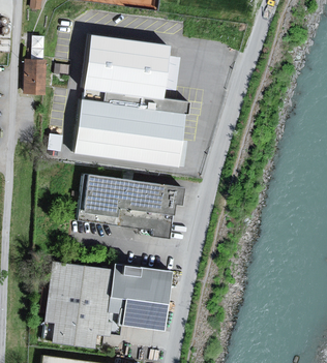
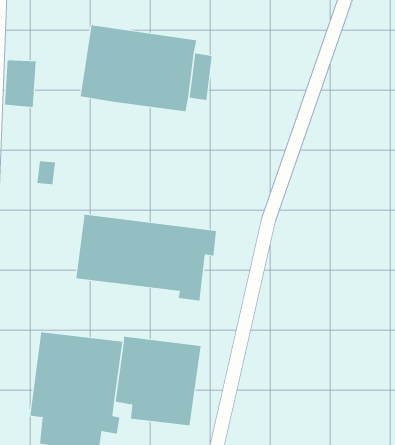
building: [72,90,189,168] -> none

